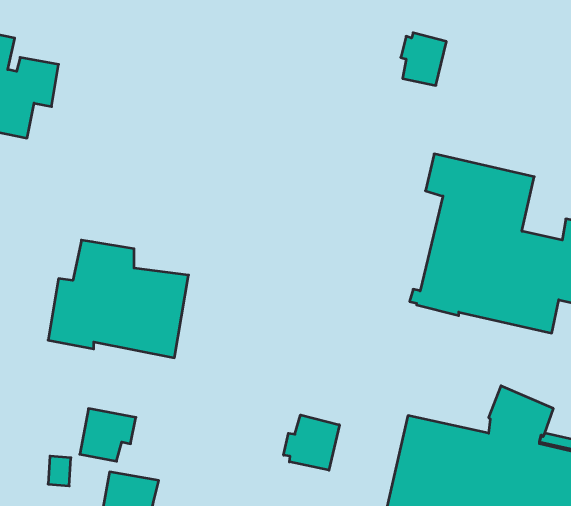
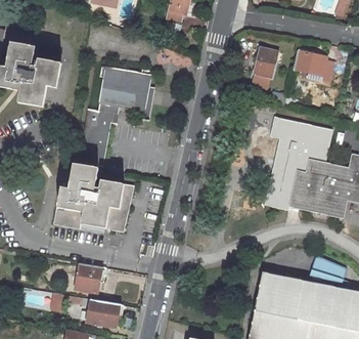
building: none -> [297,48,336,80]
building: none -> [78,65,153,171]
building: [284,415,339,470] -> none

